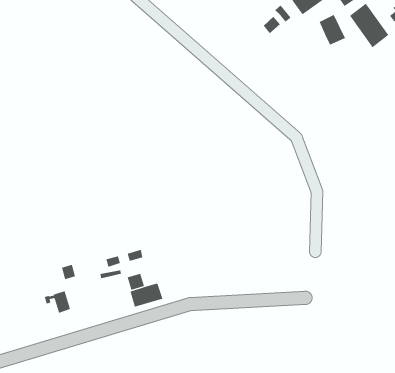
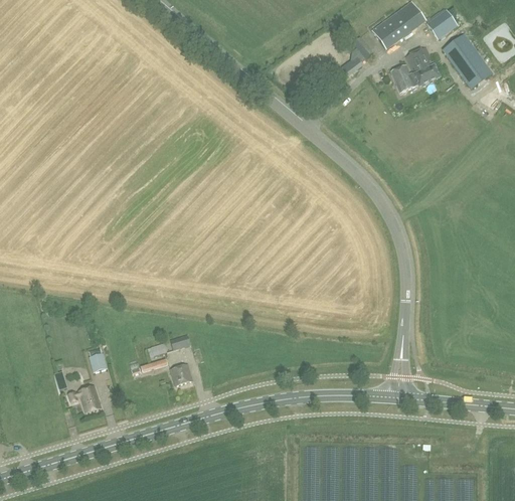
building: none -> [390,64,418,93]
building: [130,282,163,307] -> none

